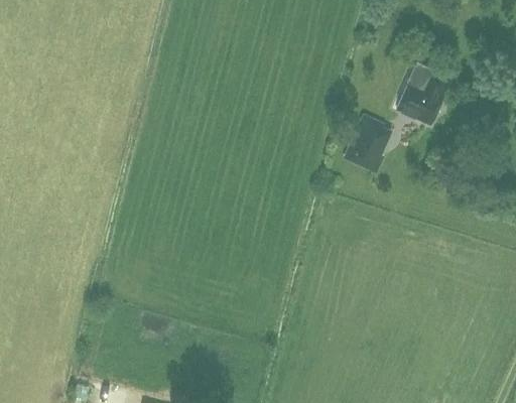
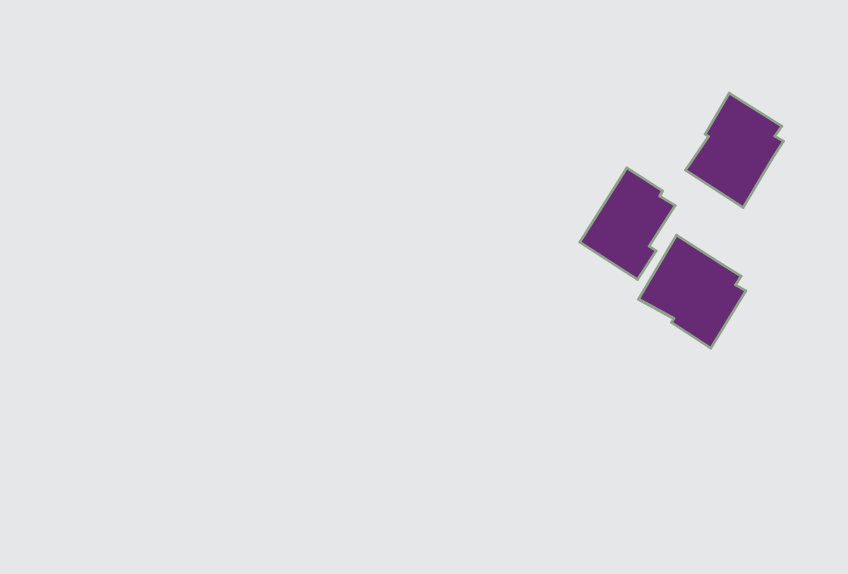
building: none -> [639,235,746,348]

